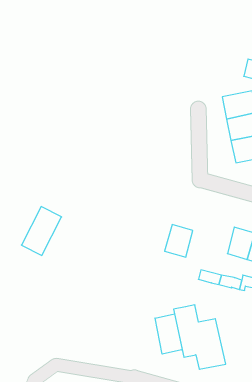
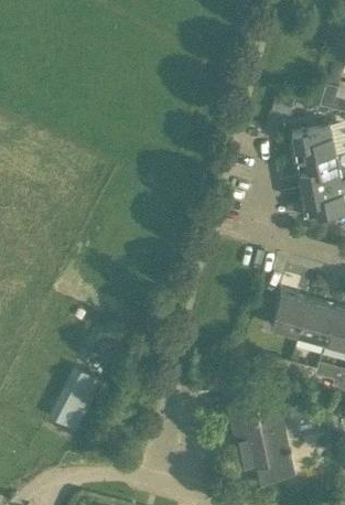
building: [21,207,62,255] -> [50,366,101,429]
building: [165,225,193,257] -> [271,292,308,334]
building: [155,314,182,354] -> none

